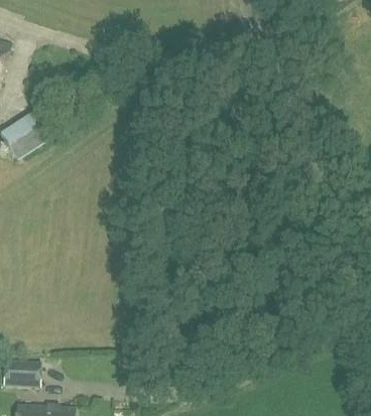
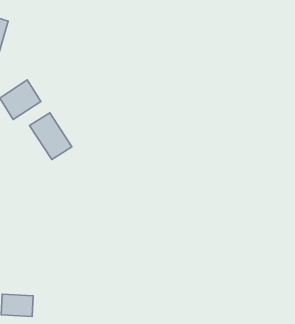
building: none -> [30,113,72,159]

